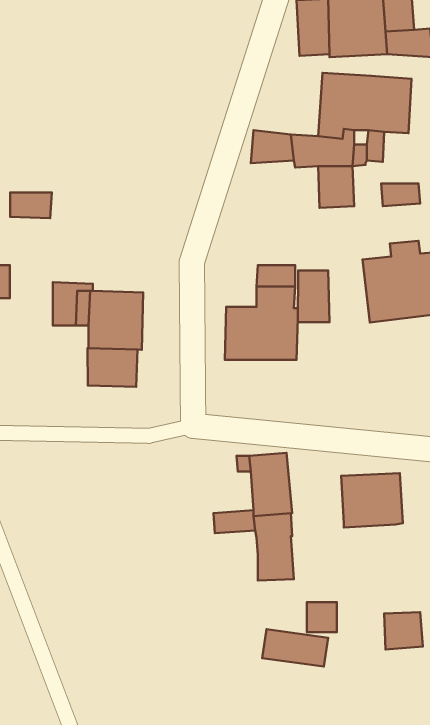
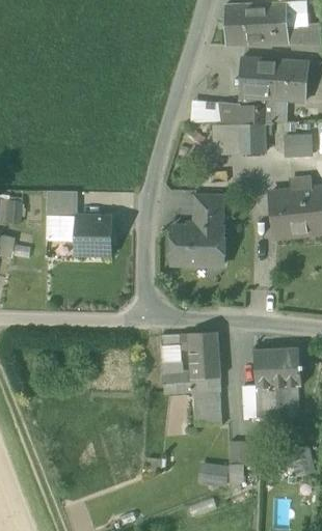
building: none -> [220,124,240,156]
building: [10,193,52,218] -> [47,191,77,209]
building: [298,270,329,322] -> none
building: [88,348,138,387] -> none
building: none -> [240,383,296,422]

